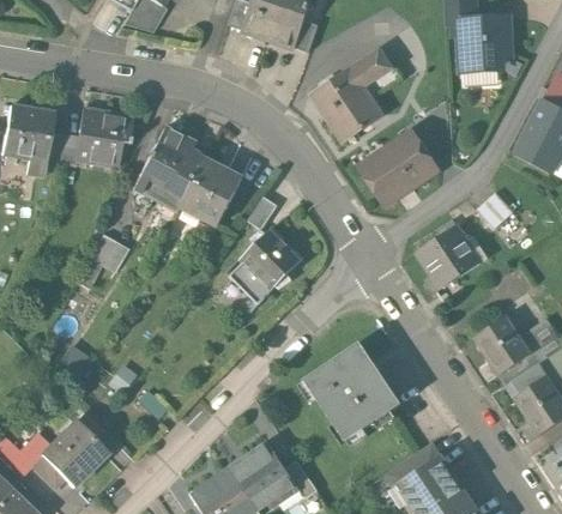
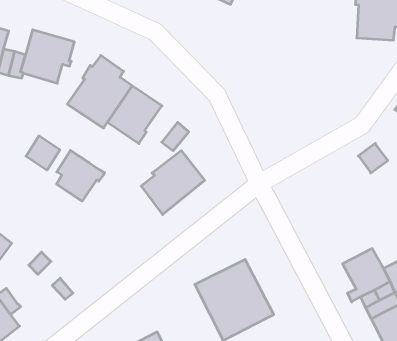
building: [309,46,395,140] -> none
building: [359,129,437,205] -> none
building: [415,218,487,291] -> none
building: none -> [57,150,105,201]

